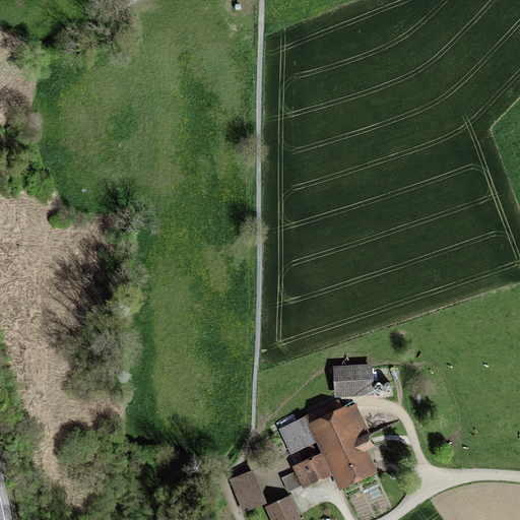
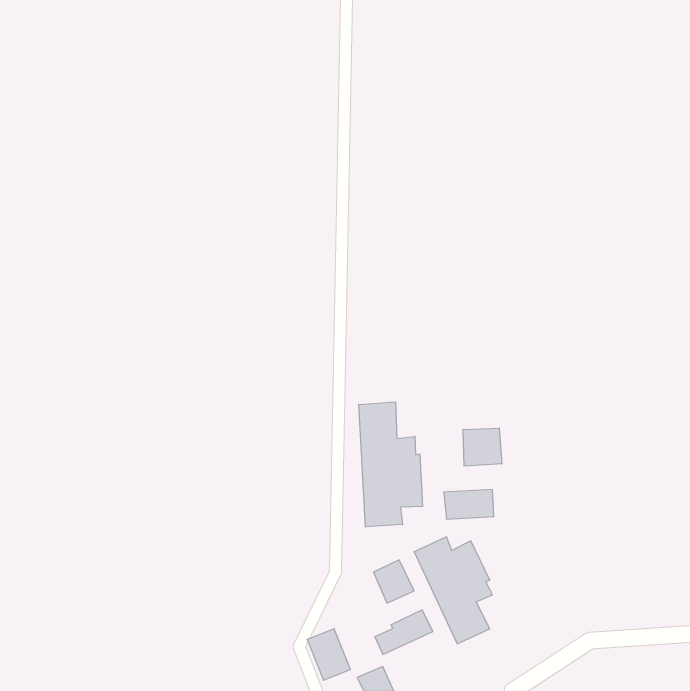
building: none -> [359,402,422,527]
building: none -> [463,428,502,466]

